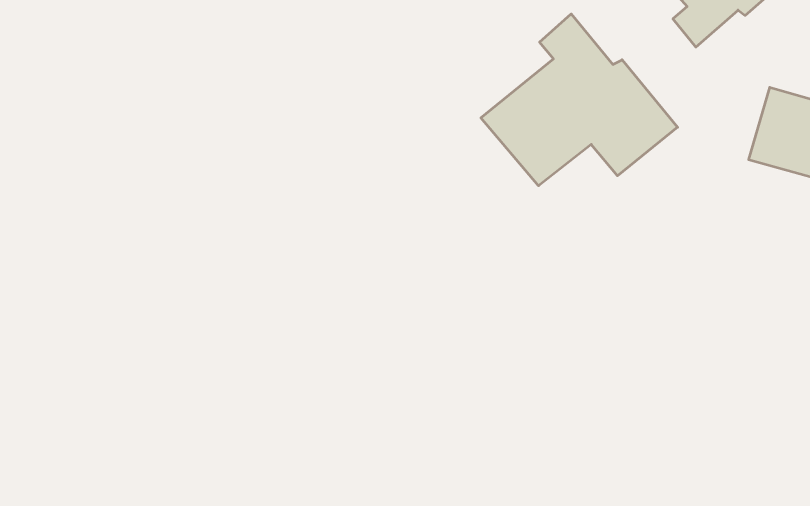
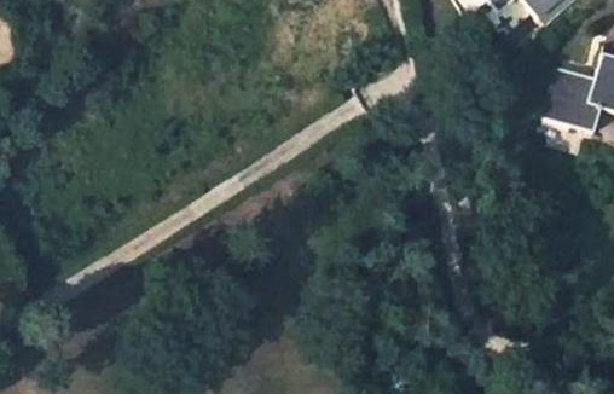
building: [481,14,678,186] -> none

